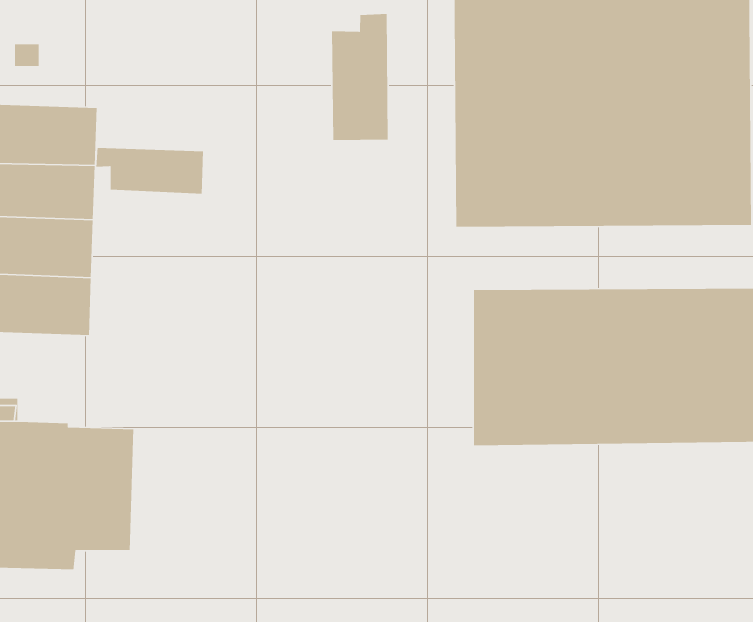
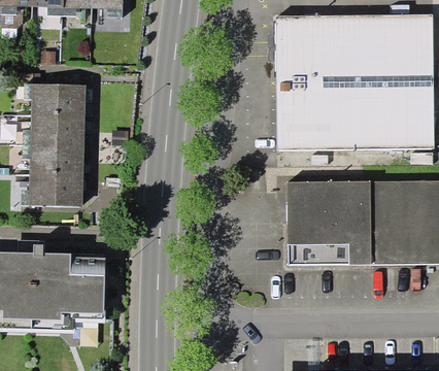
building: [331,13,388,141] -> none
building: [95,147,204,195] -> none

